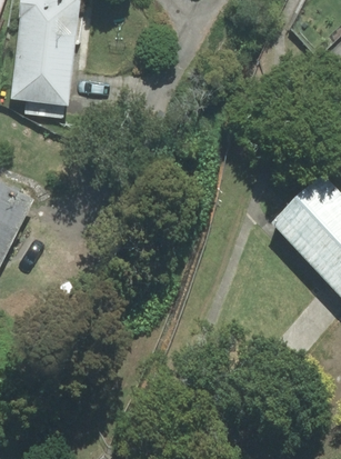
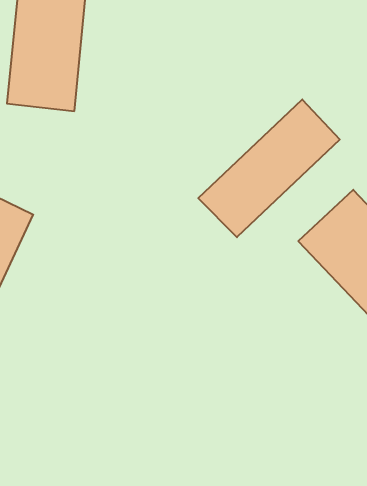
building: none -> [198,99,340,237]

